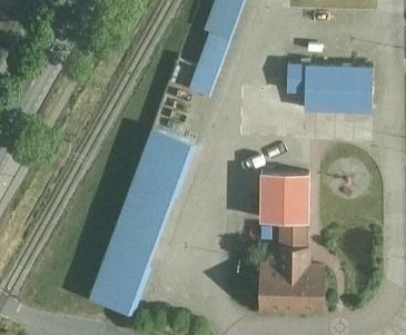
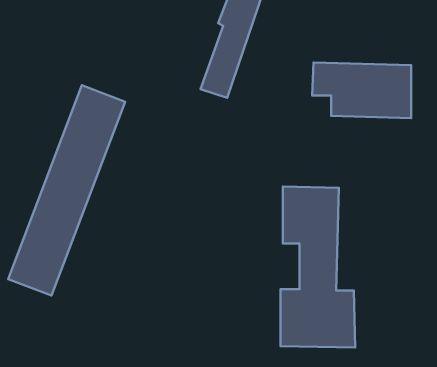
building: [91,131,194,316] -> [8,85,125,296]

